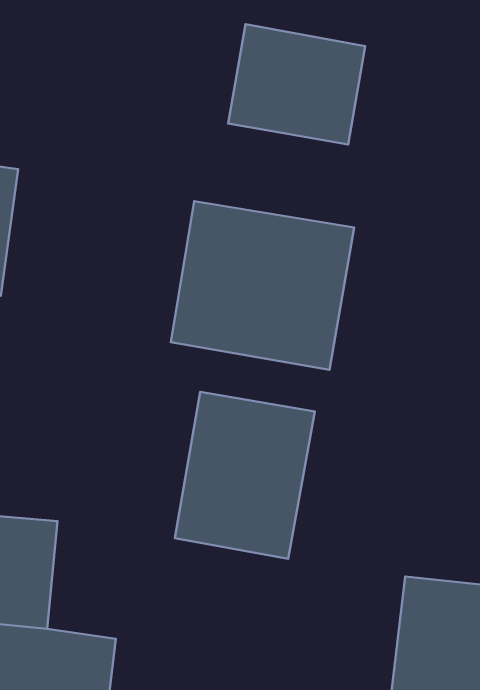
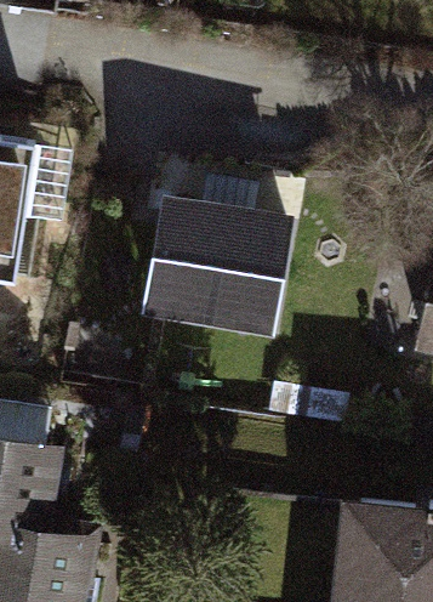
building: [228,24,365,144] -> none
building: [175,392,315,559] -> none

